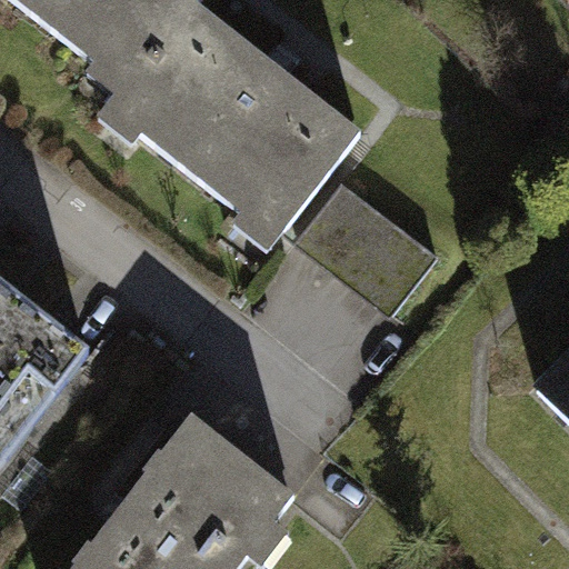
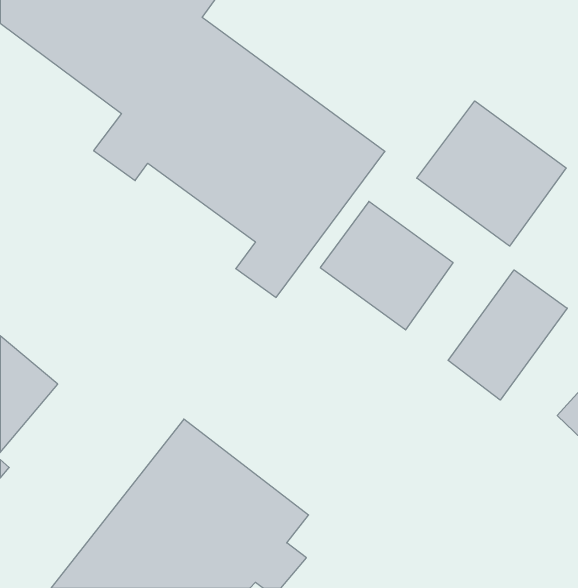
building: none -> [417,101,566,246]
building: none -> [448,270,567,400]

